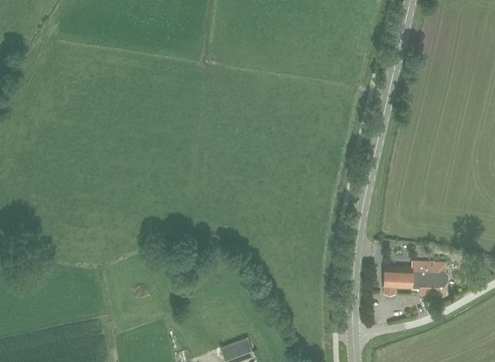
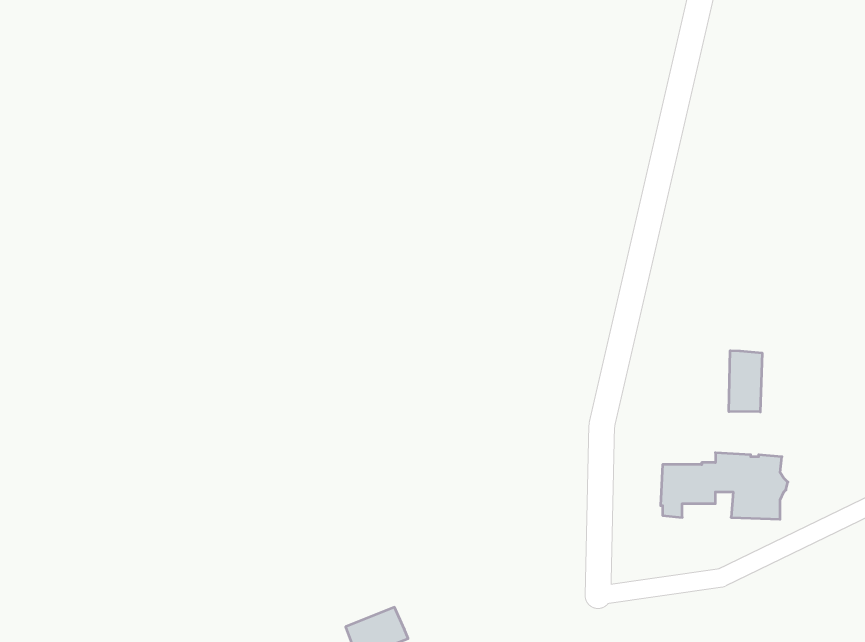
building: none -> [729,351,762,412]

